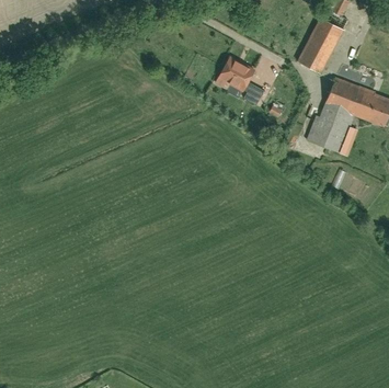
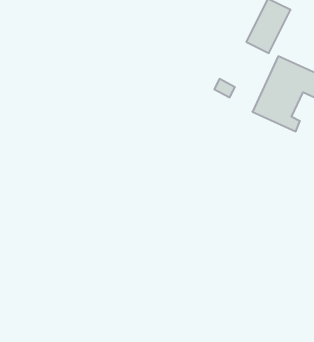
building: [214,53,264,105] -> none

